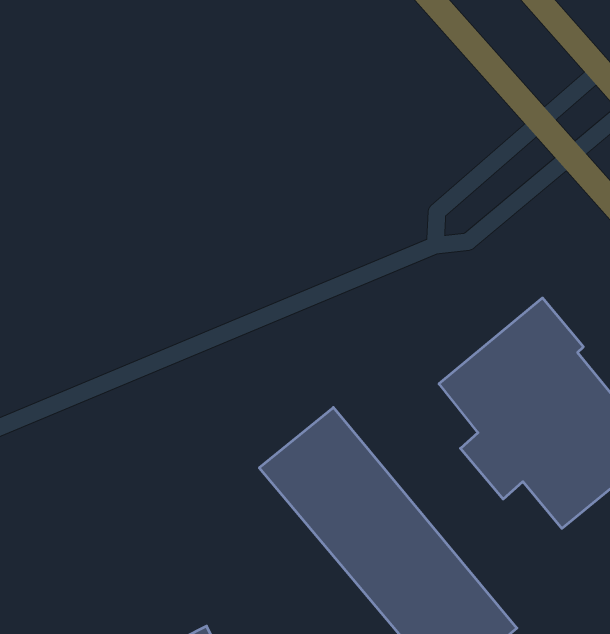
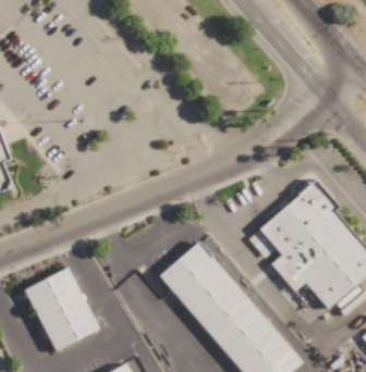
building: none -> [24,266,98,351]

